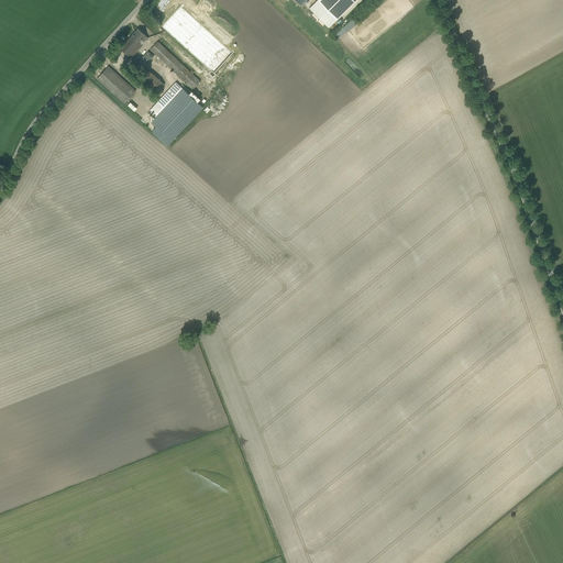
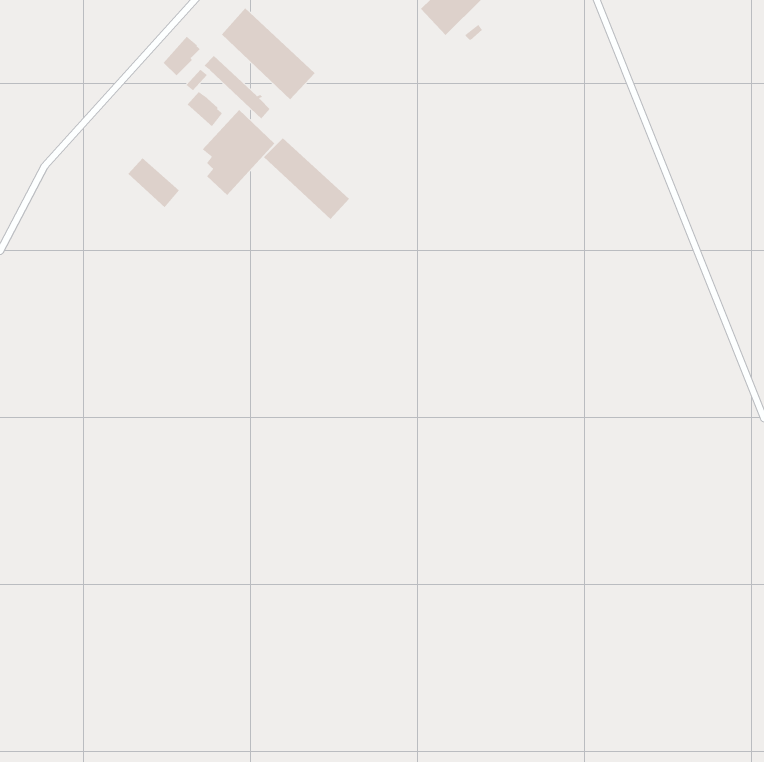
building: [97,65,135,102] -> [127,158,180,208]
building: none -> [263,137,350,220]

